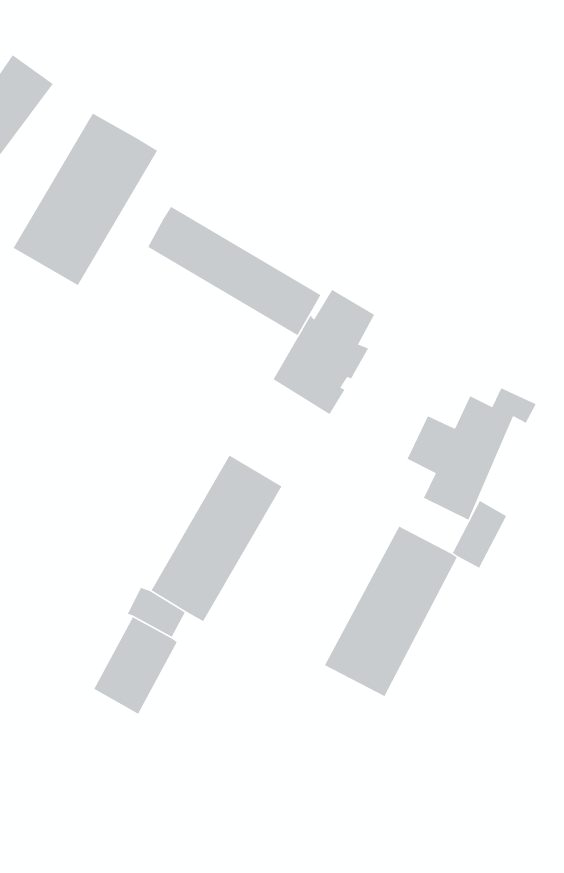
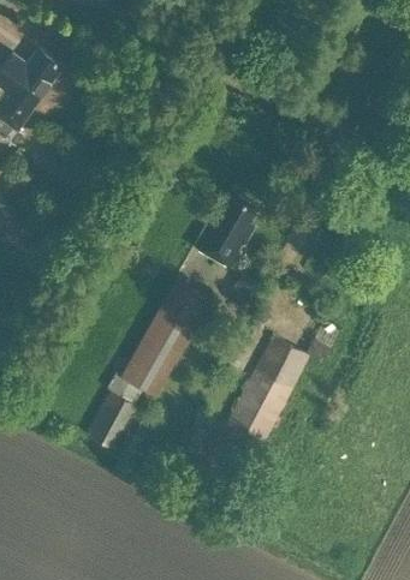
building: [13,112,158,286] -> none
building: [147,206,321,336] -> none
building: [407,387,537,521] -> none

